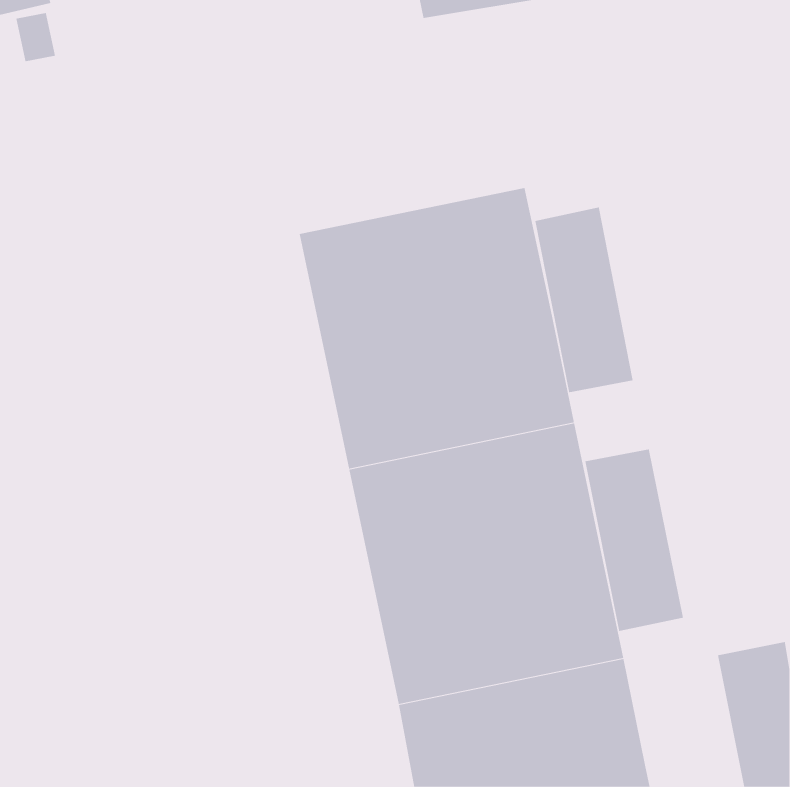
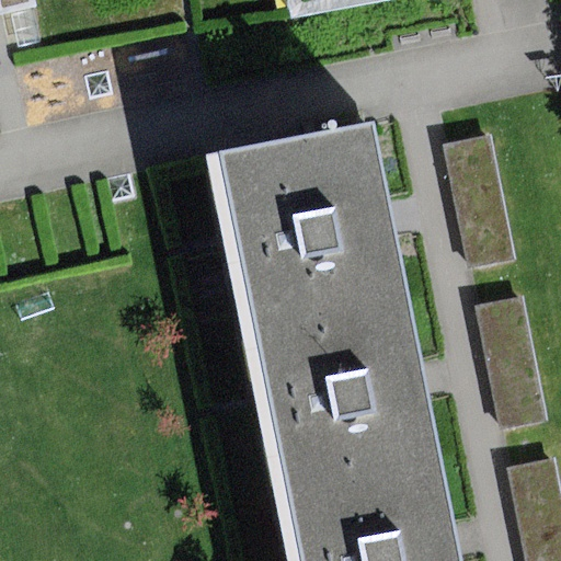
building: [534,207,634,393] -> [445,133,515,264]
building: [585,449,684,632] -> [476,297,546,426]

